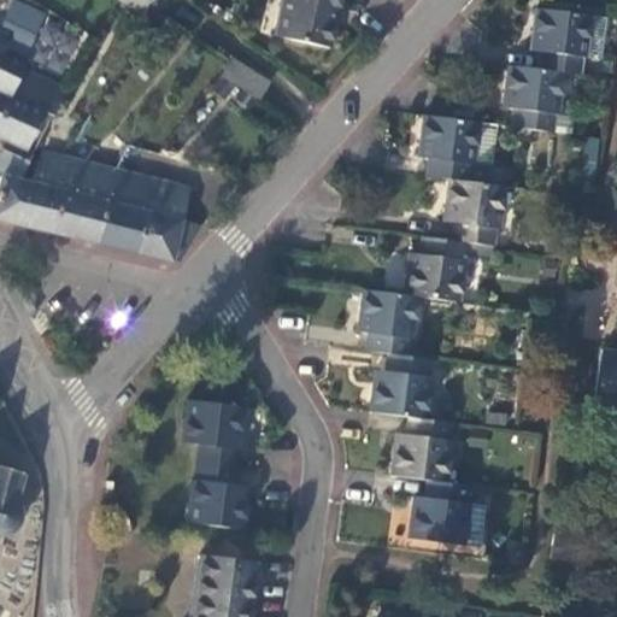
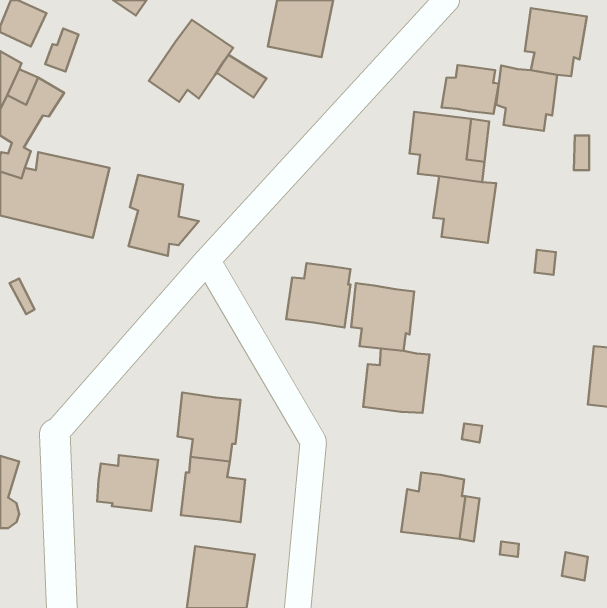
building: none -> [149,20,233,102]
building: none -> [441,65,499,114]
building: [95,170,141,249] -> none
building: [401,236,466,301] -> [286,263,350,327]
building: [390,417,453,481] -> none
building: none -> [97,455,158,511]

